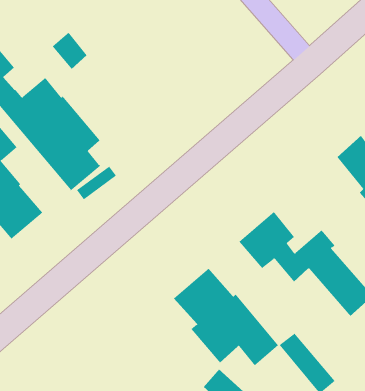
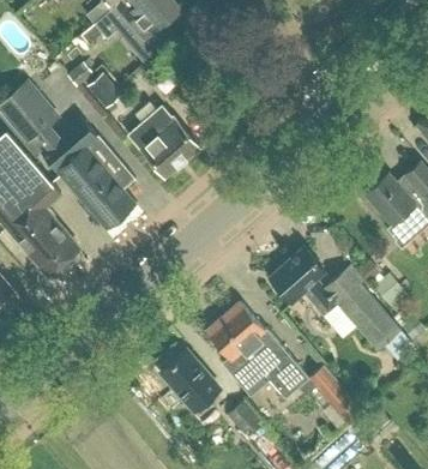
building: none -> [128,102,199,176]
building: none -> [159,349,219,411]

